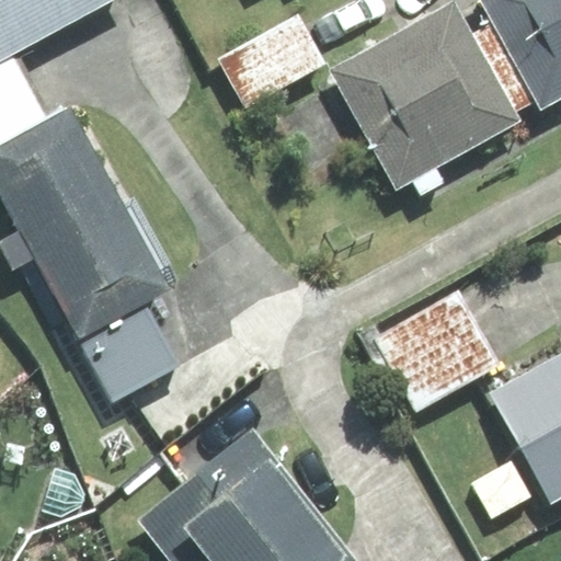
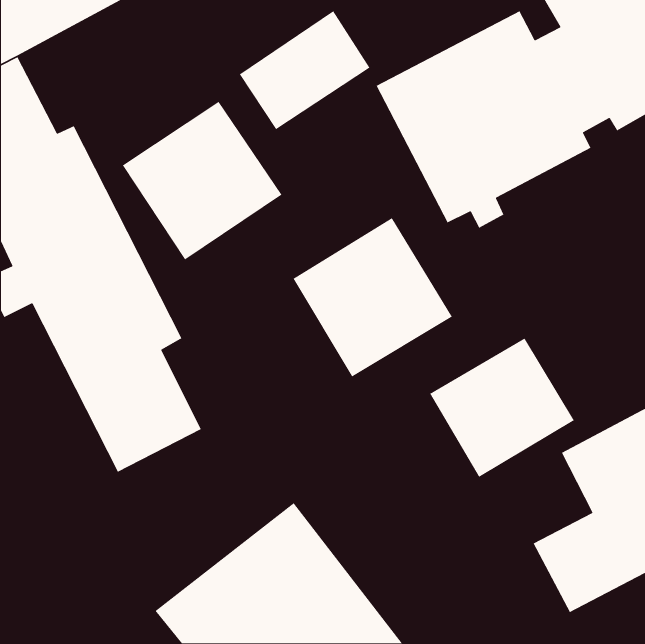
building: none -> [122,101,283,260]
building: none -> [293,217,453,377]

